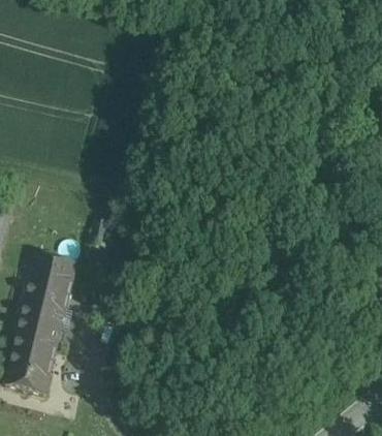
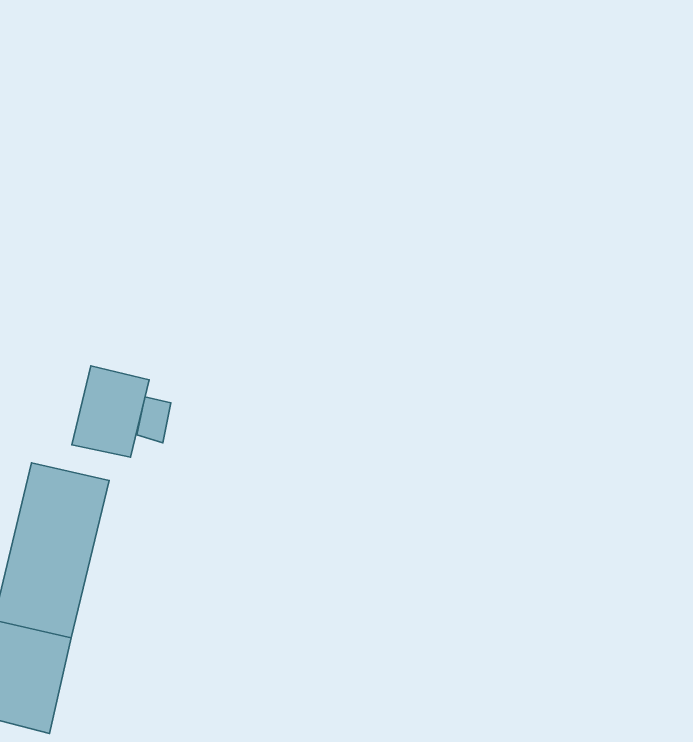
building: none -> [72,366,149,457]

